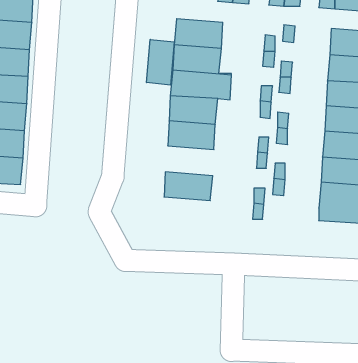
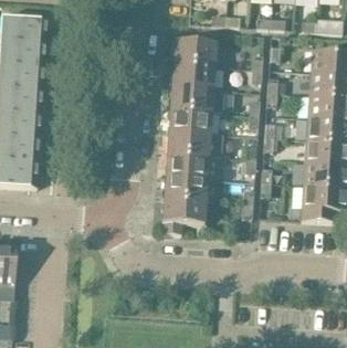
building: [147,39,174,85] -> none
building: none -> [166,151,209,178]
building: none -> [162,197,206,233]

